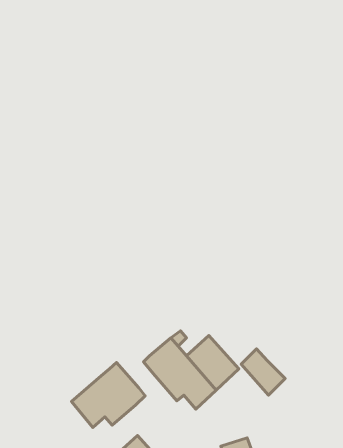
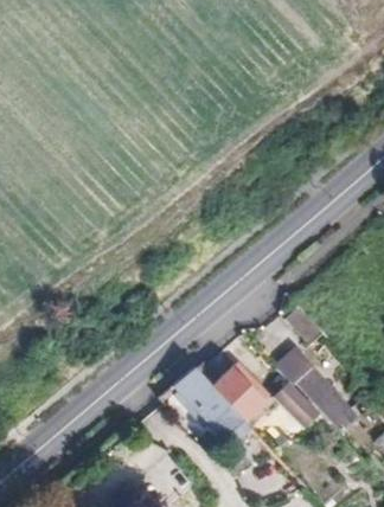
building: none -> [277,352,357,431]
building: [72,362,145,428] -> none

